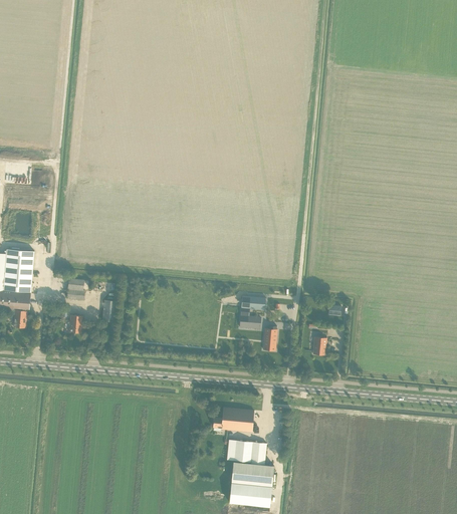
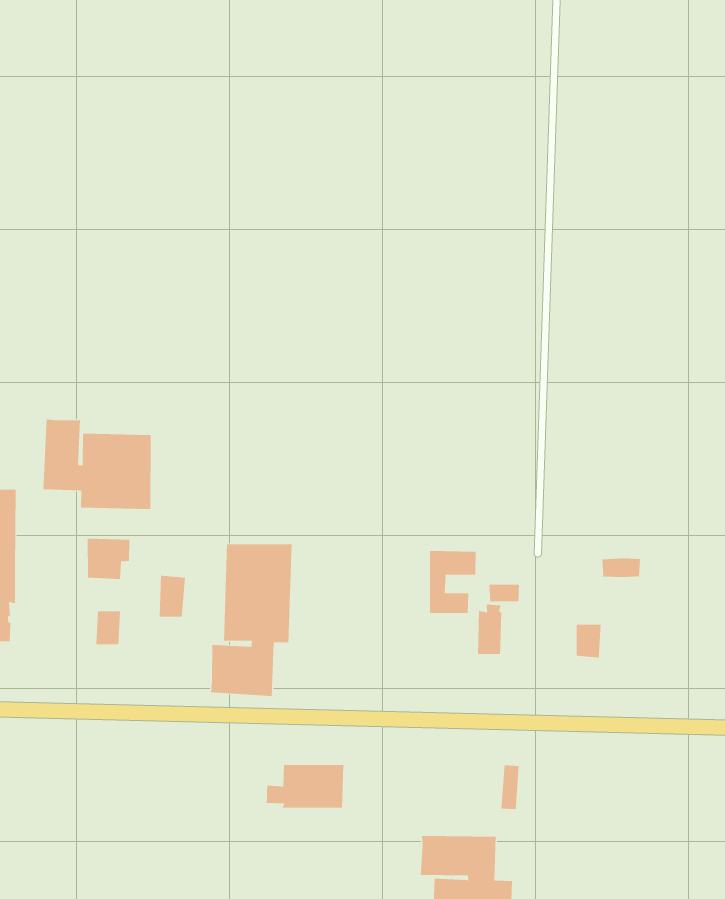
building: none -> [43,418,151,510]
building: none -> [210,543,292,697]
building: [212,407,253,431] -> [266,764,344,808]

